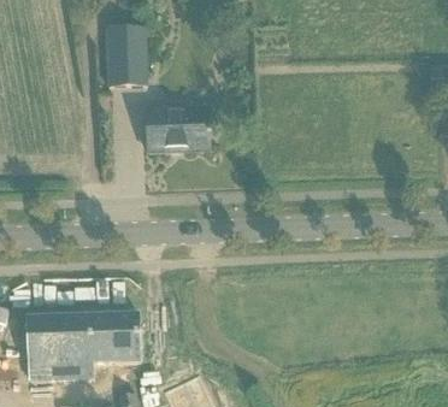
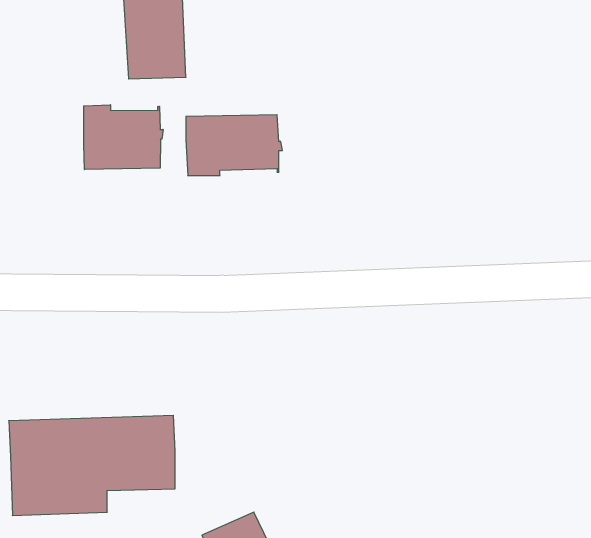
building: none -> [84,105,163,170]

